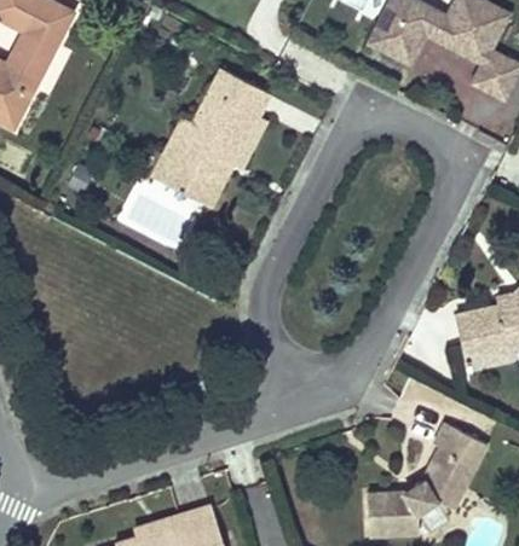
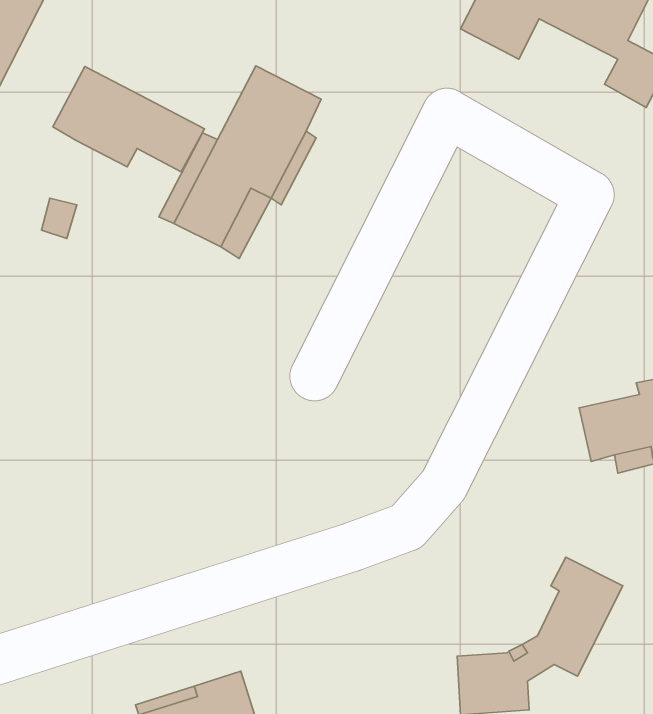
building: none -> [53,66,204,172]

